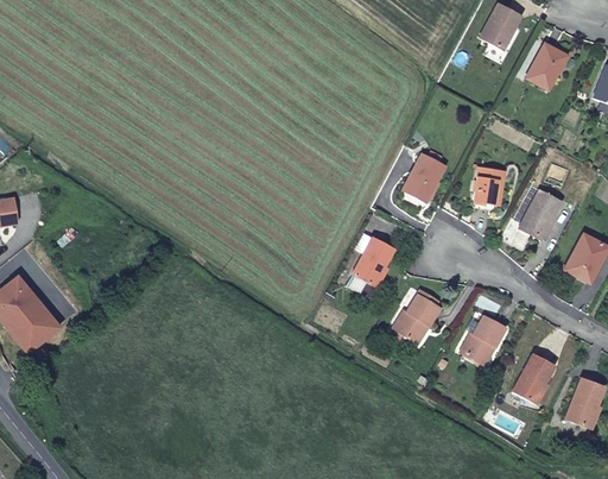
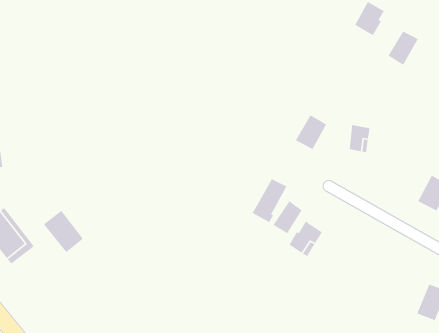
building: [519,189,560,238] -> none
building: none -> [272,200,302,234]
building: none -> [43,210,84,253]
building: [462,315,505,364] -> none
building: [513,354,555,402] -> none

